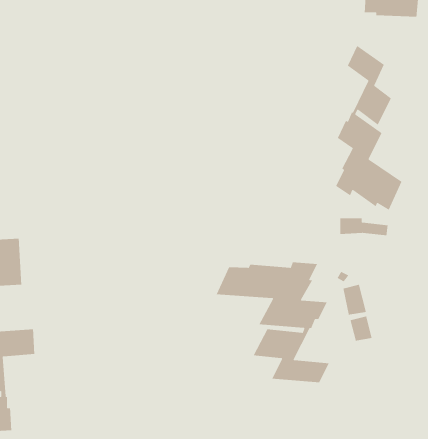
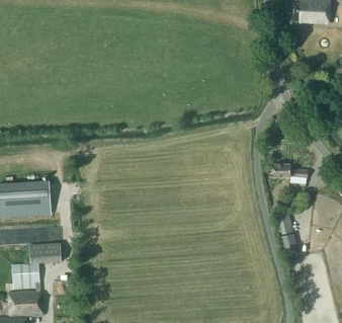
building: [335,45,402,211] -> none
building: [215,262,330,383] -> none

